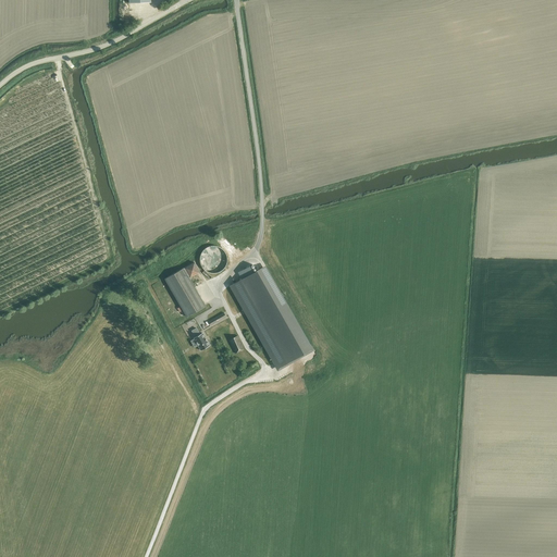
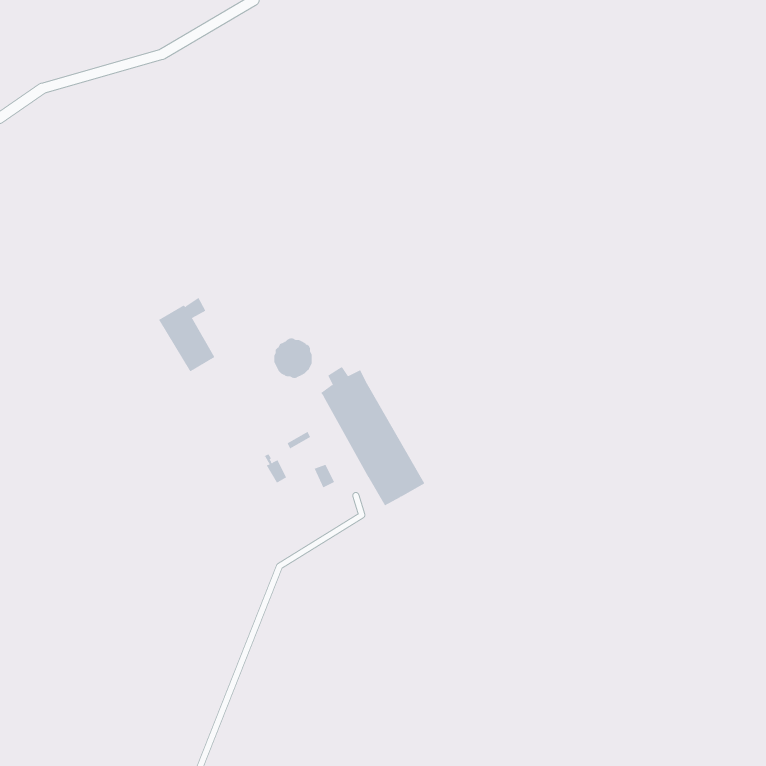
building: [163,263,205,318] -> [158,297,215,372]

